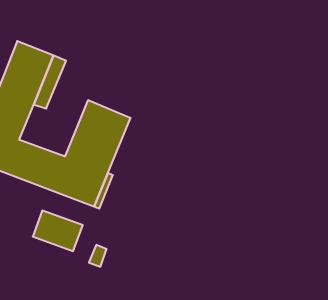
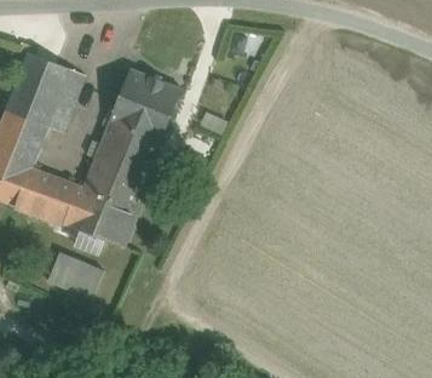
building: none -> [109,68,182,142]

